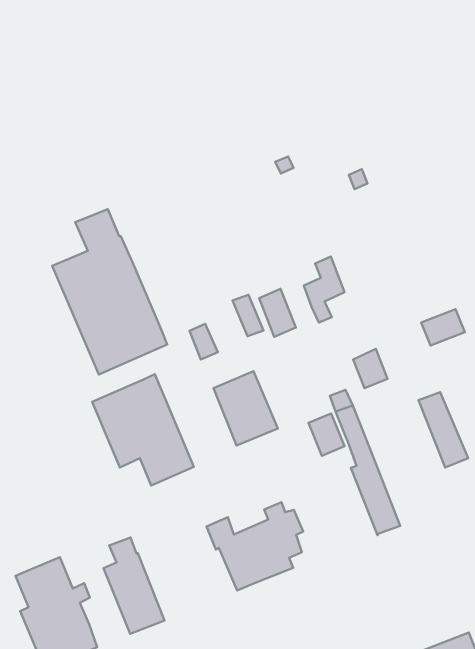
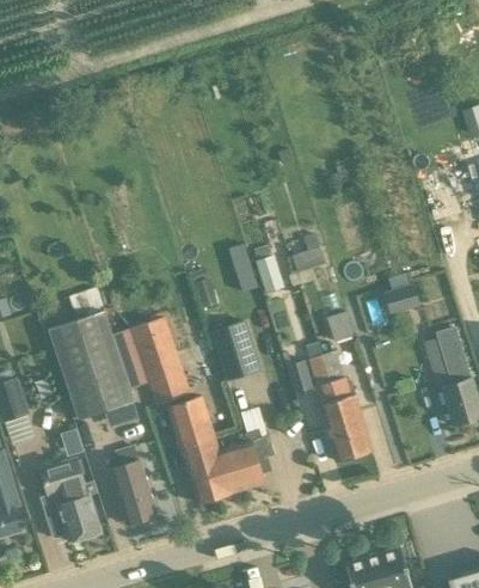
building: [52,209,167,374] -> [48,287,135,419]
building: [419,392,468,467] -> [337,394,373,455]
building: none -> [168,396,217,502]

